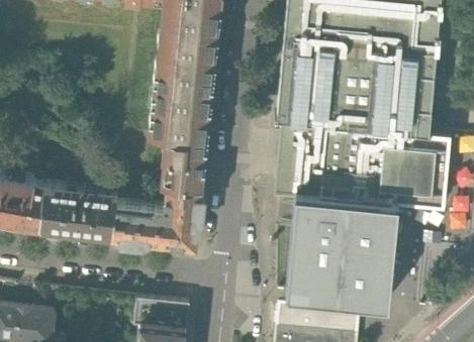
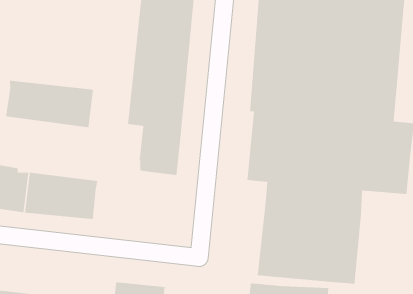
building: none -> [5,80,94,128]
building: [114,185,202,244] -> none

